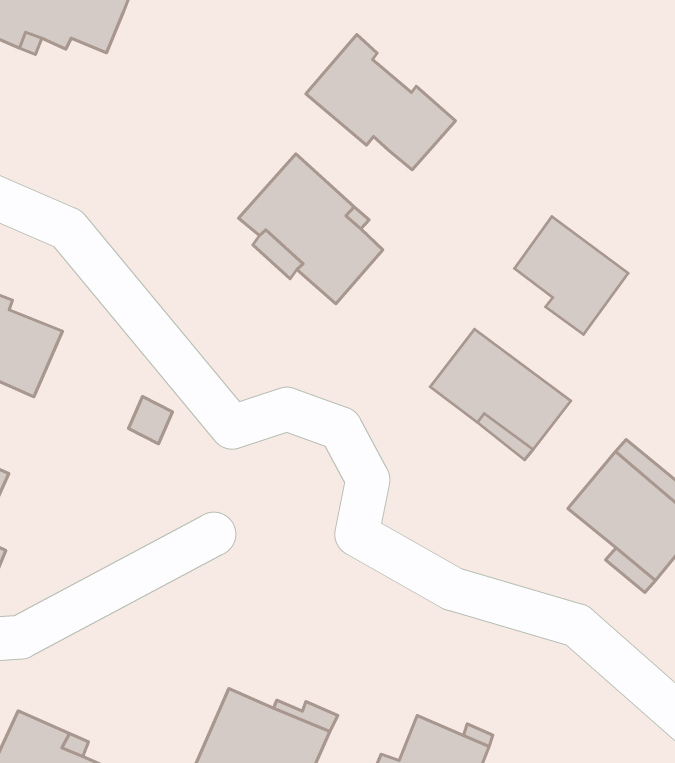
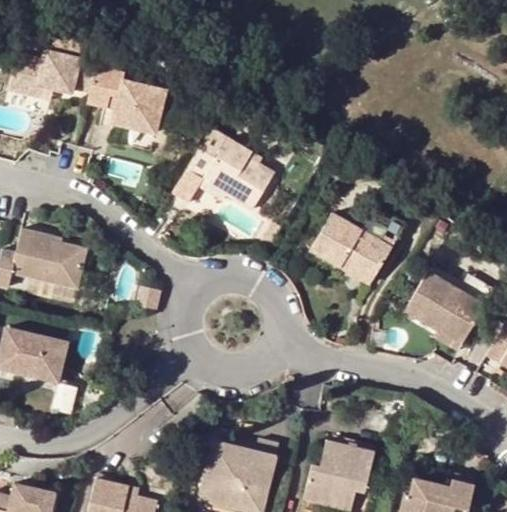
building: none -> [82,62,158,131]
building: [306,34,455,170] -> none
building: [514,217,628,334] -> none

